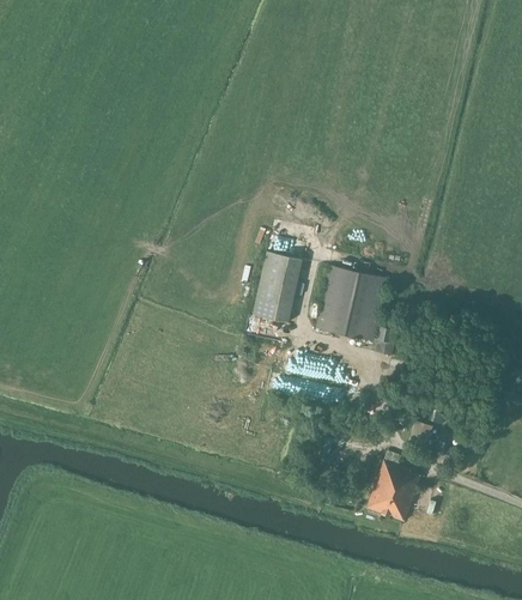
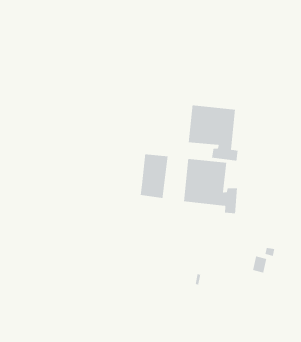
building: none -> [188,105,238,161]
building: [368,450,420,521] -> none

